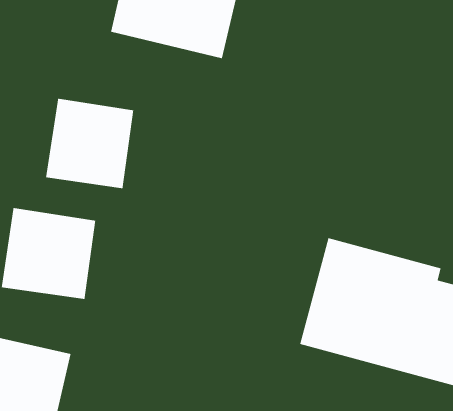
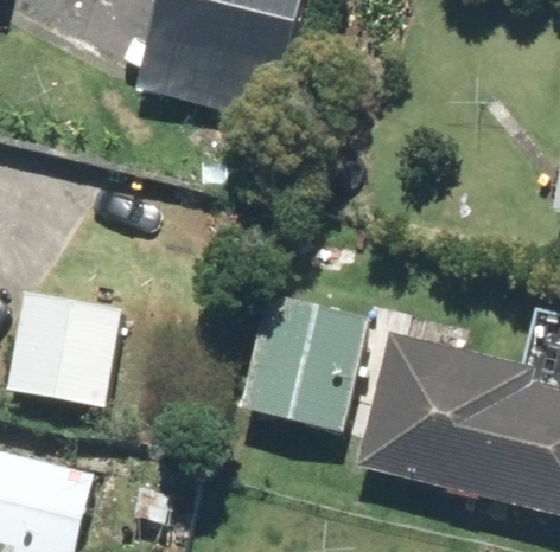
building: [45,98,134,189] -> none
building: none -> [240,299,370,432]

